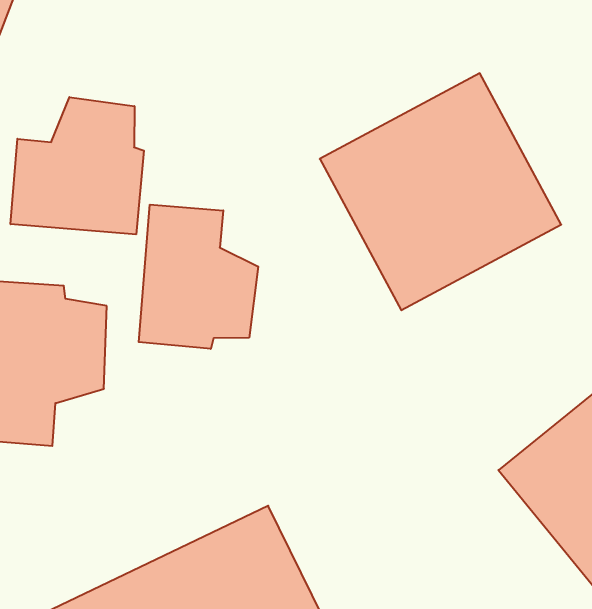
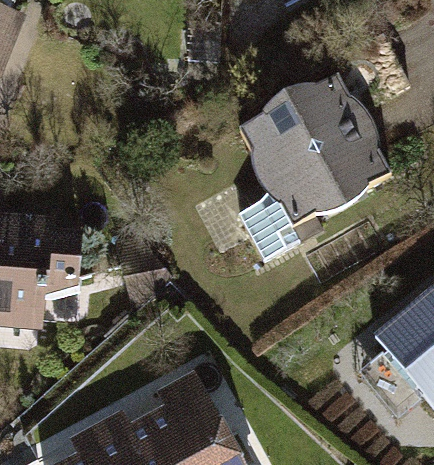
building: [11,97,144,234] -> none
building: [139,205,258,349] -> none

